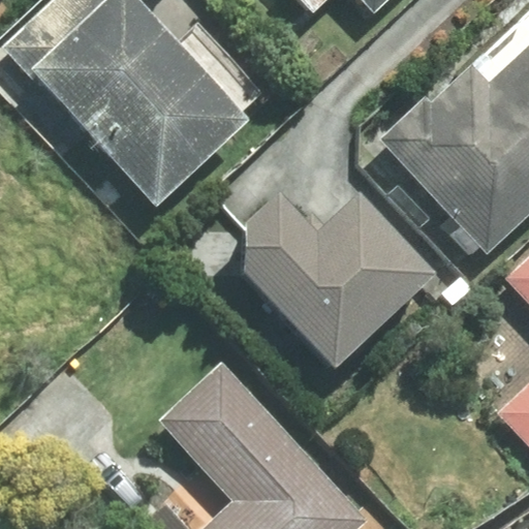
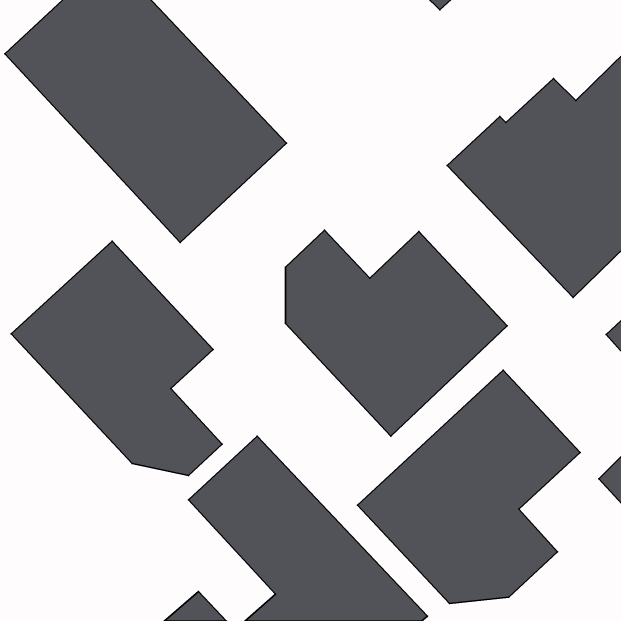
building: none -> [11,241,222,475]
building: none -> [358,370,580,603]

